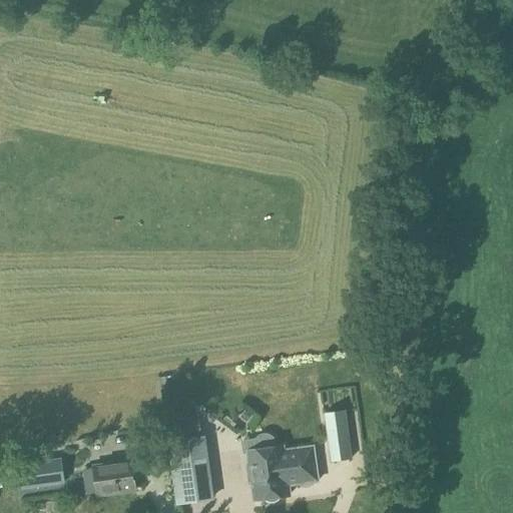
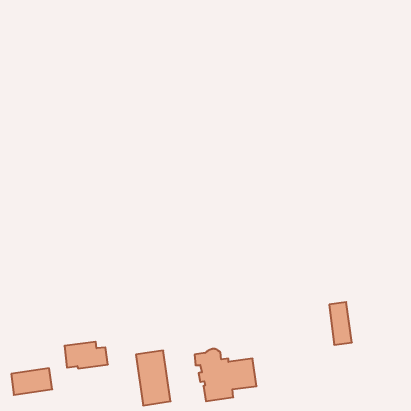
building: [324,410,352,463] -> [329,302,352,345]
building: [82,463,136,496] -> [64,342,108,368]

